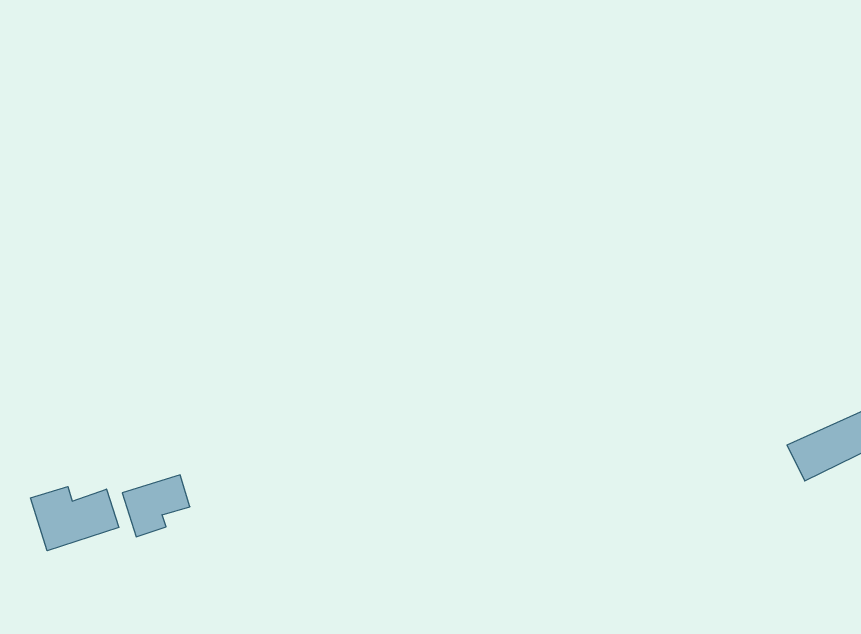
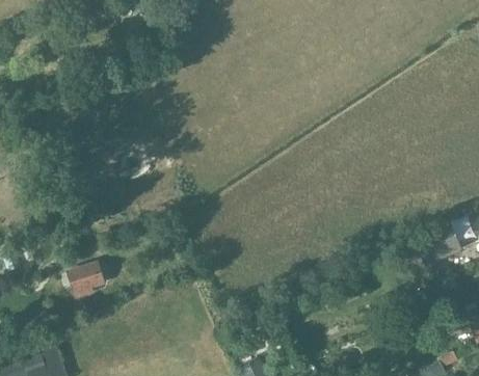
building: [30,487,119,551] -> none

